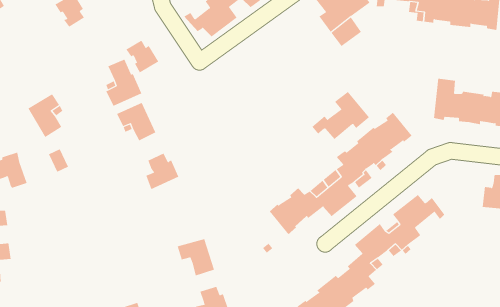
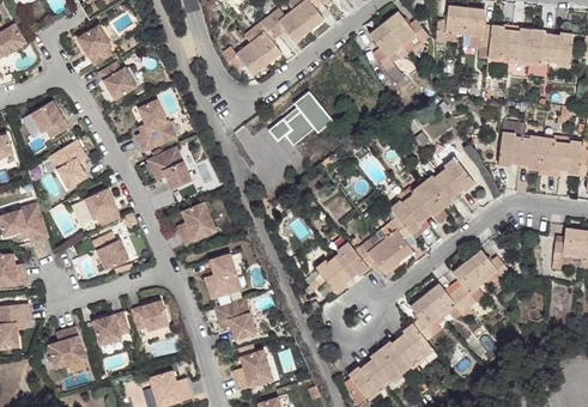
building: [126,40,159,73] -> [98,61,135,98]
building: none -> [31,99,68,136]
building: [311,91,370,140] -> [267,91,332,145]
building: none -> [85,188,121,225]
building: none -> [93,232,128,268]
building: none -> [206,254,242,299]
building: none -> [132,300,170,330]
building: none -> [93,311,129,345]
building: none -> [49,326,86,365]

